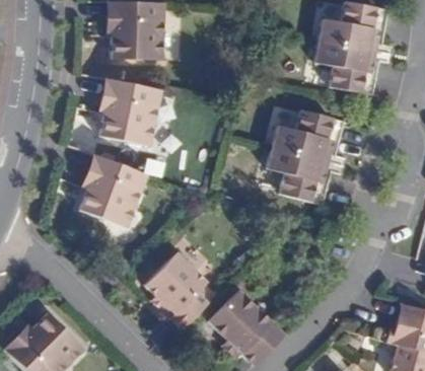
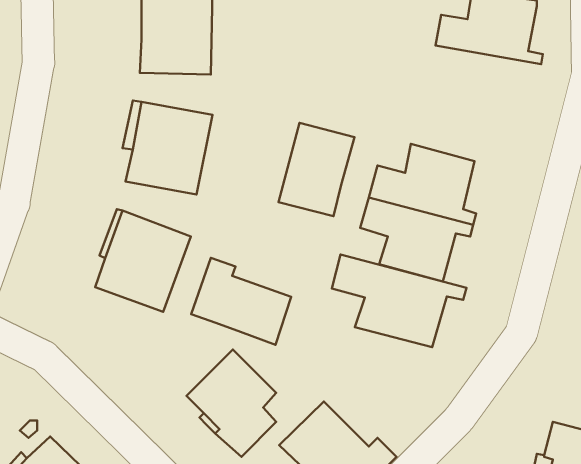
building: [313,41,392,95] -> none
building: none -> [279,123,354,216]
building: none -> [332,254,466,347]
building: none -> [191,258,291,345]

